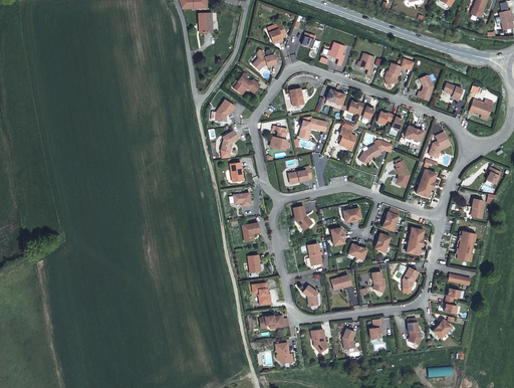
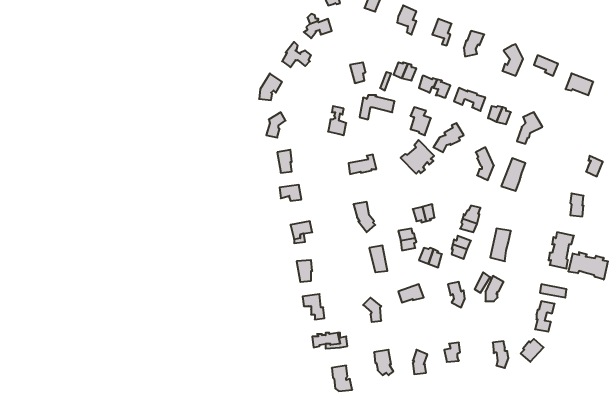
building: none -> [401,140,434,174]
building: none -> [569,252,608,280]

